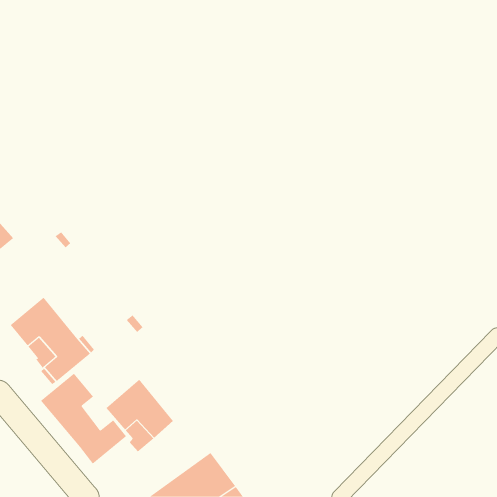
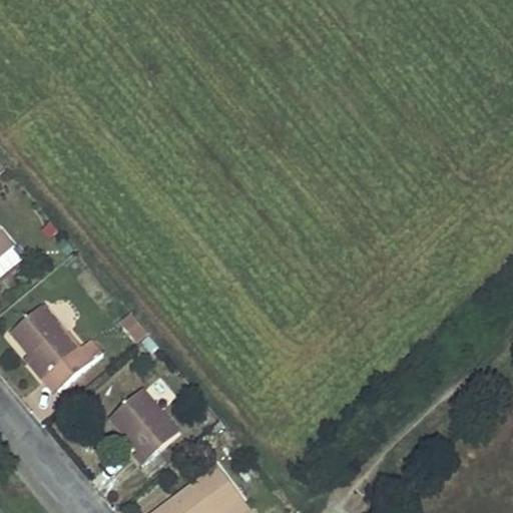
building: [40,373,127,464] -> none

